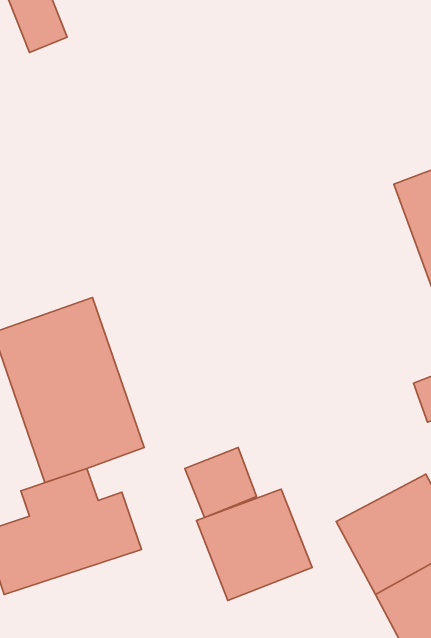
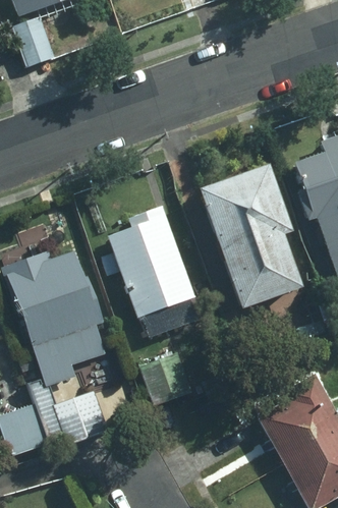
building: none -> [194,167,306,311]
building: none -> [104,206,195,319]
building: [197,489,312,601] -> none

